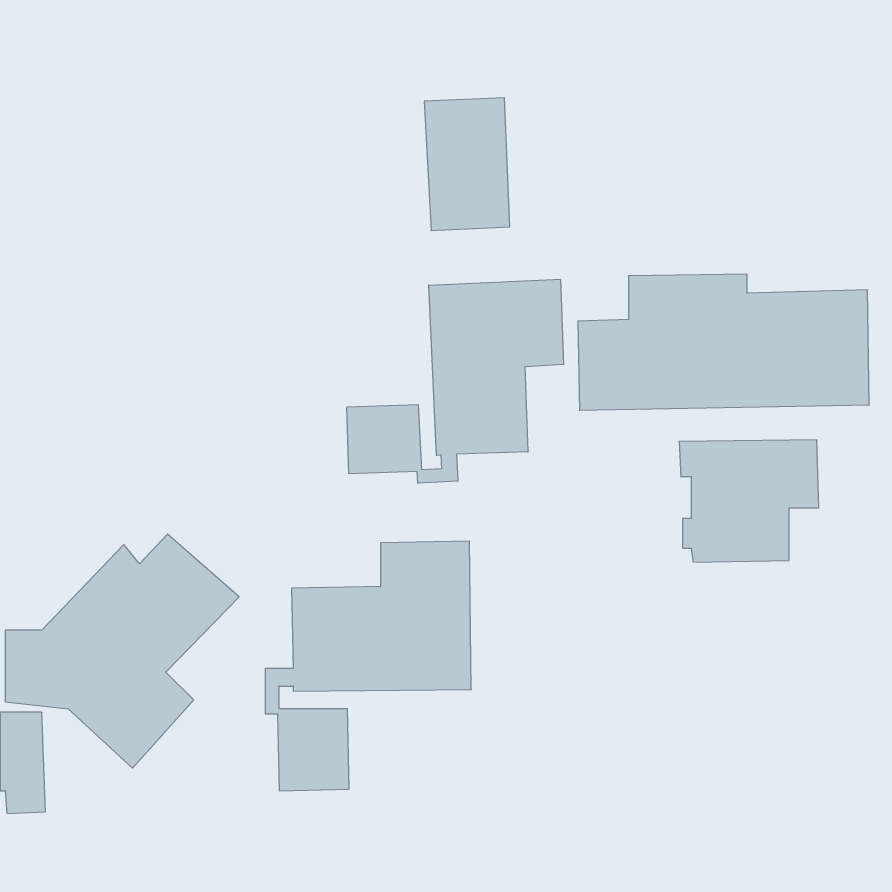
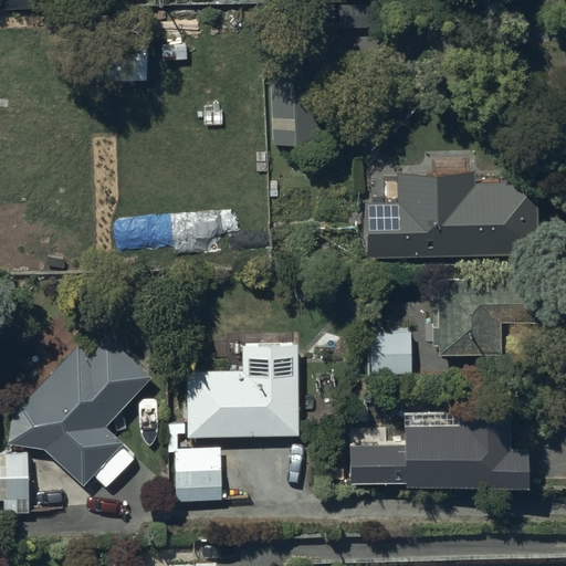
building: [347,279,563,483] -> none
building: none -> [367,325,410,375]
building: none -> [349,409,528,491]

